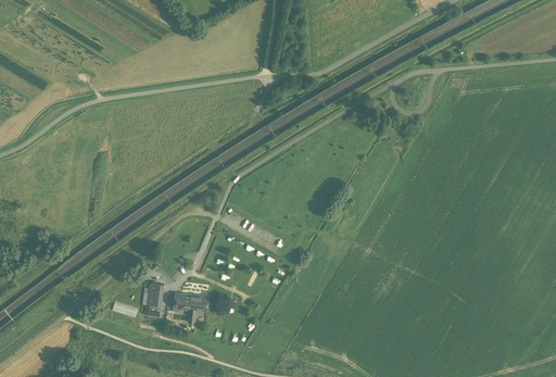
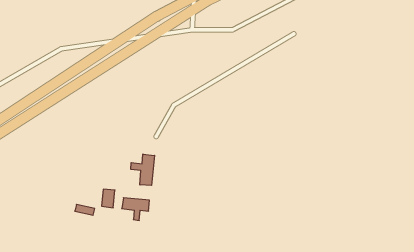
building: none -> [131,154,155,185]

